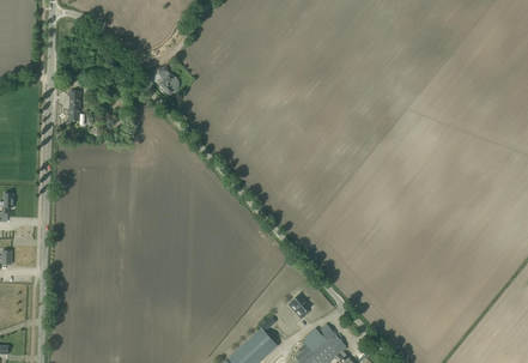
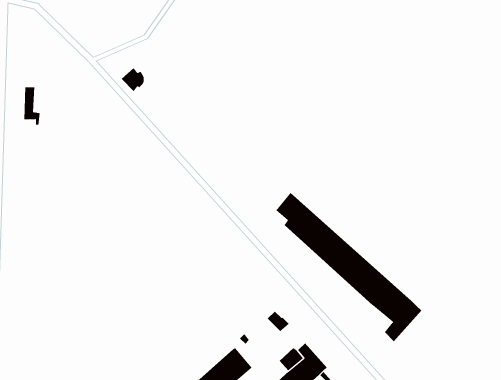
building: none -> [276,192,422,342]

